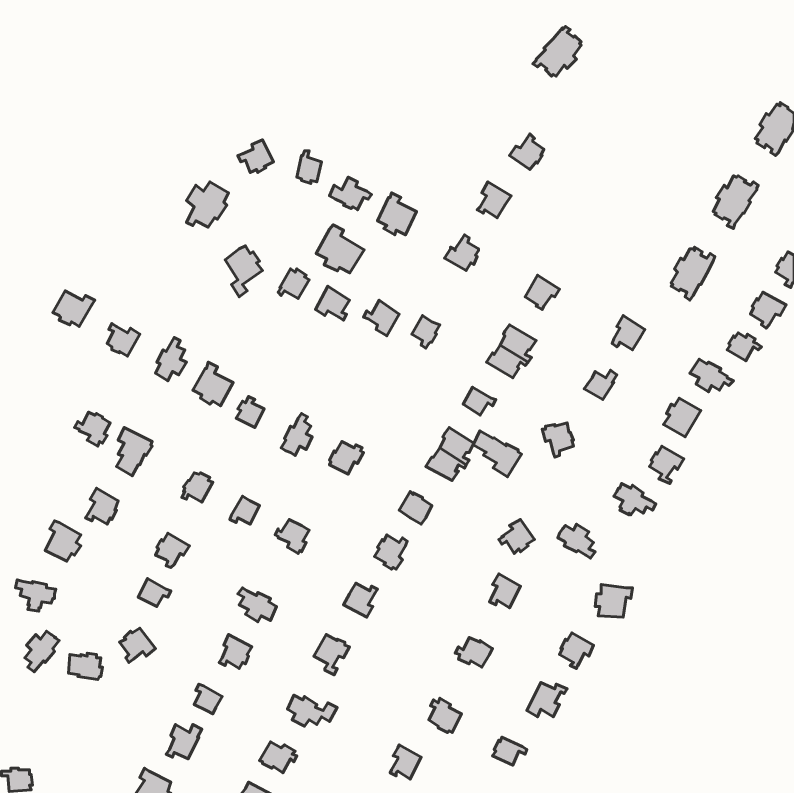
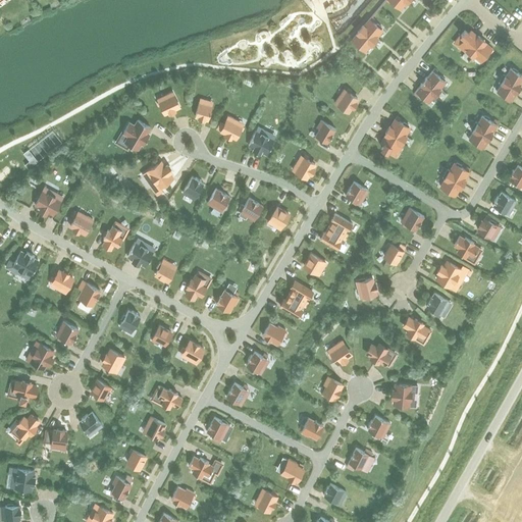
building: none -> [460,31,492,61]
building: none -> [413,69,446,103]
building: none -> [381,118,409,152]
building: [316,225,364,273] -> none
building: none -> [5,252,38,276]
building: [473,431,522,477] -> none
building: none -> [12,468,35,491]

